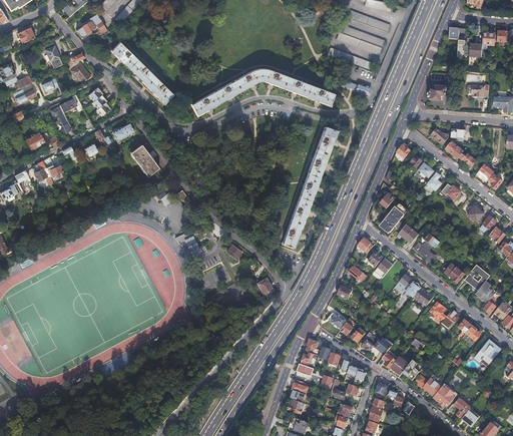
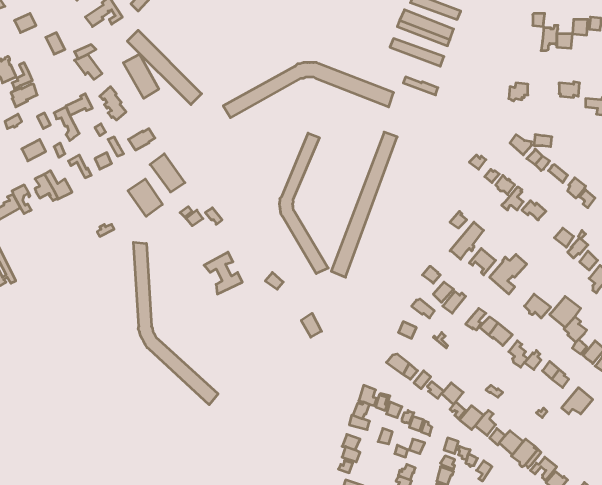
building: none -> [123,54,159,98]
building: none -> [280,133,328,274]
building: none -> [128,179,162,216]
building: none -> [133,242,218,405]

